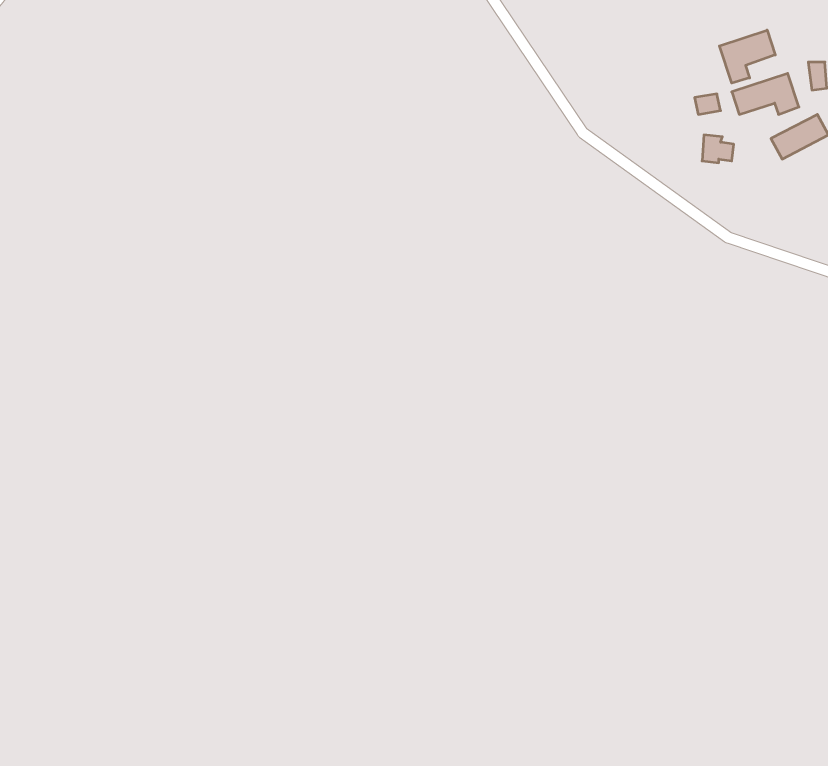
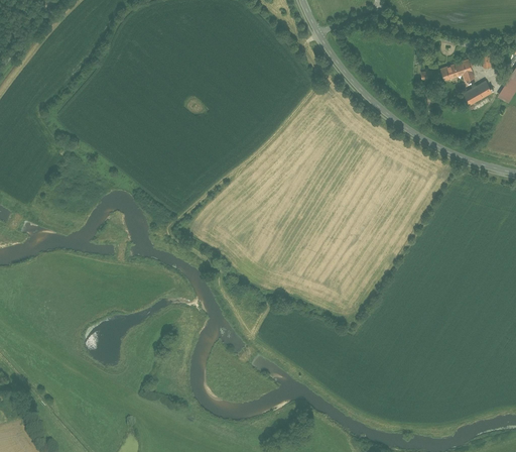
building: [719,30,775,83] -> none

